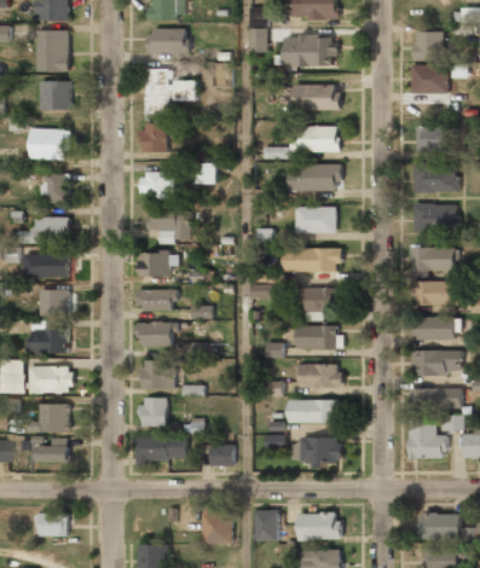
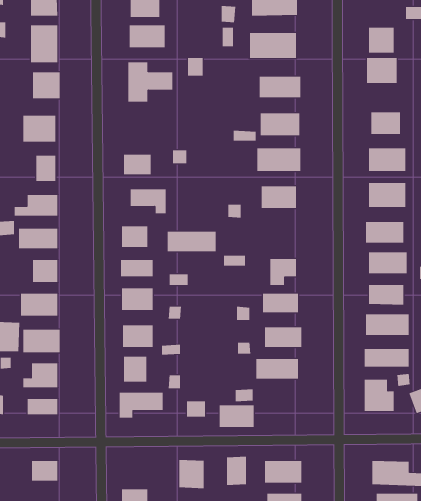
building: [140,124,167,152] -> none
building: [284,249,340,272] -> [167,231,217,252]
building: [301,439,341,464] -> [219,405,255,428]

